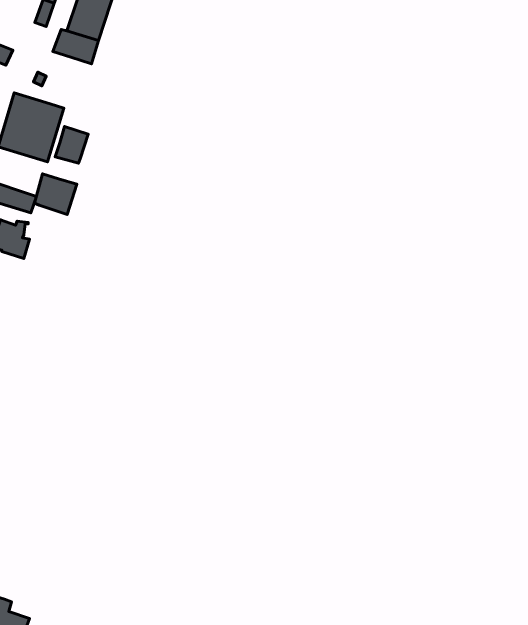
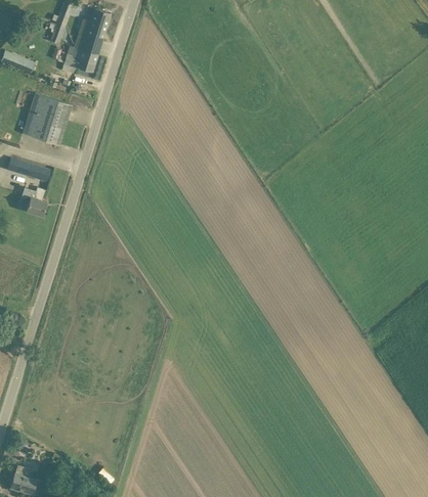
building: [55,126,88,163] -> none
building: [34,174,77,214] -> none

